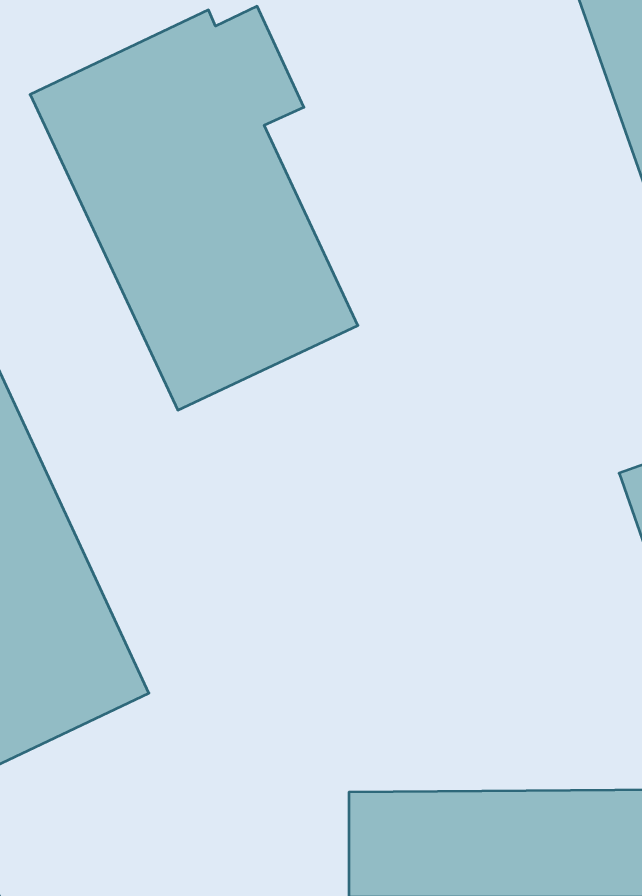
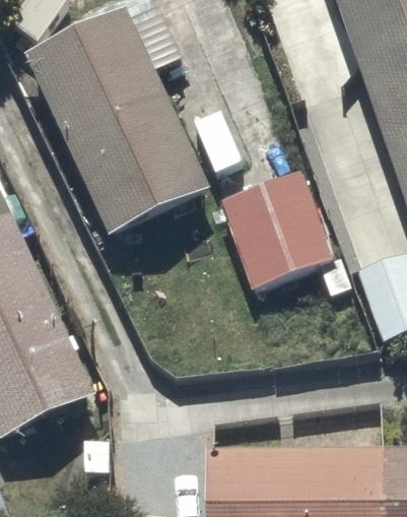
building: none -> [219,171,332,287]

